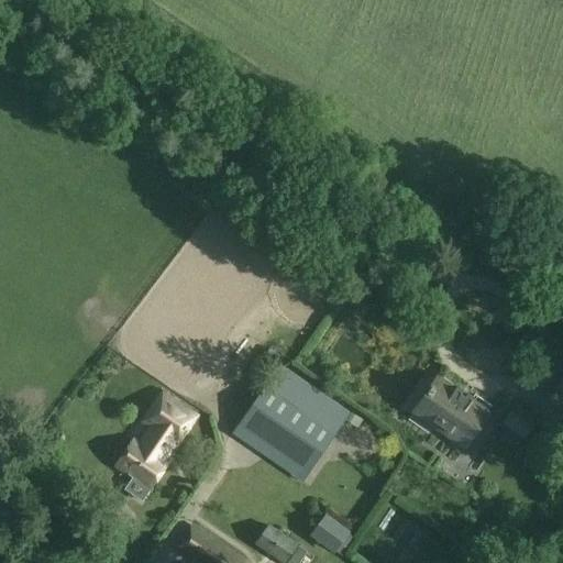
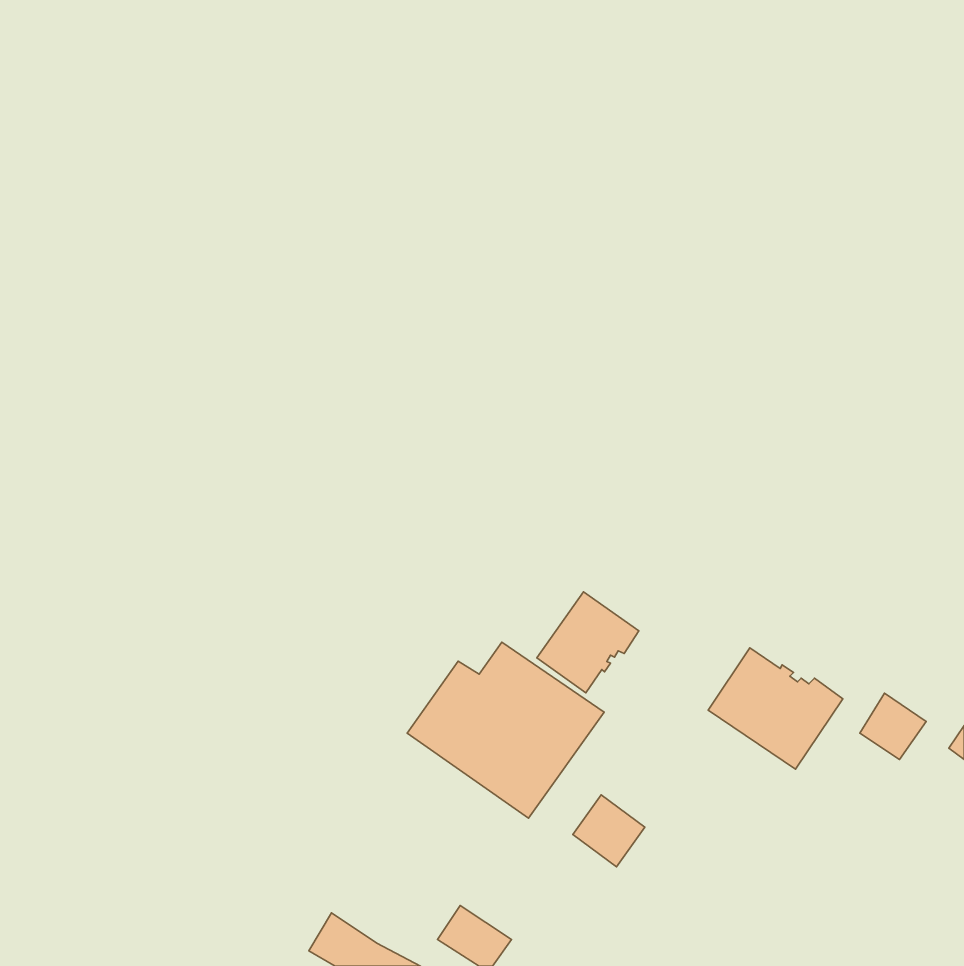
building: none -> [537,592,639,693]
building: [115,401,190,489] -> none
building: [308,512,350,554] -> [573,795,645,867]

